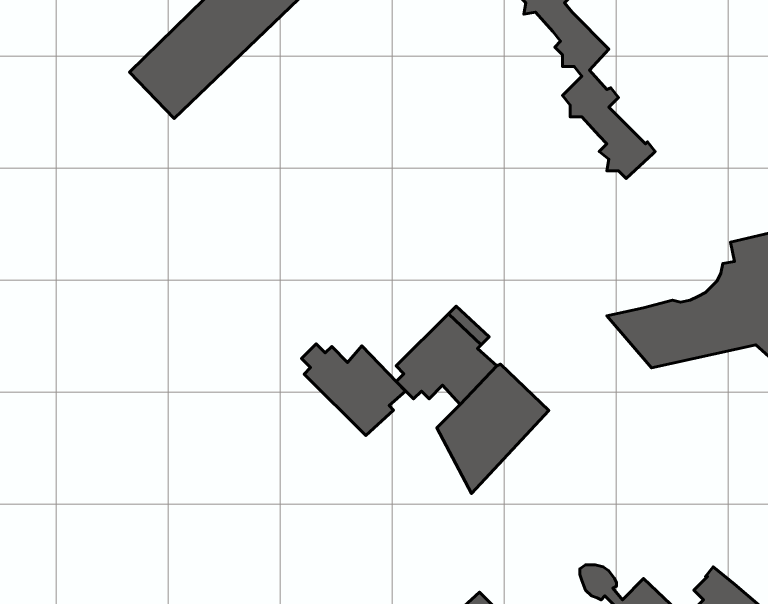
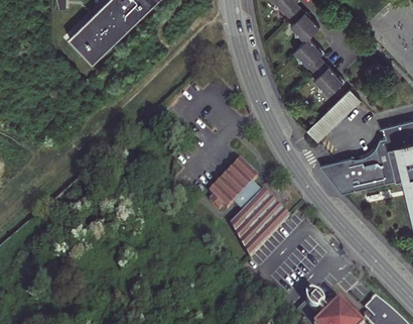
building: none -> [306,90,360,142]
building: [301,344,406,436] -> none

